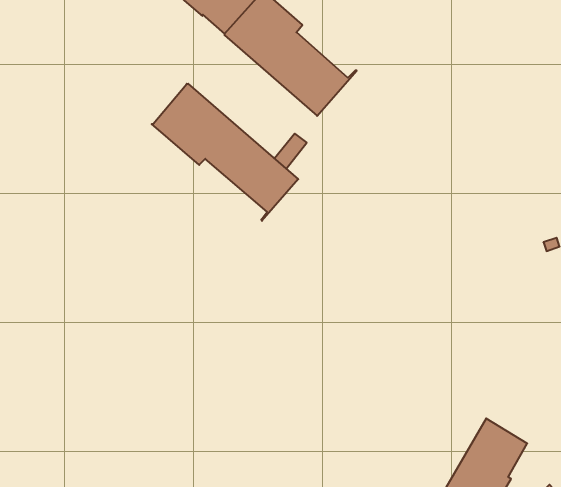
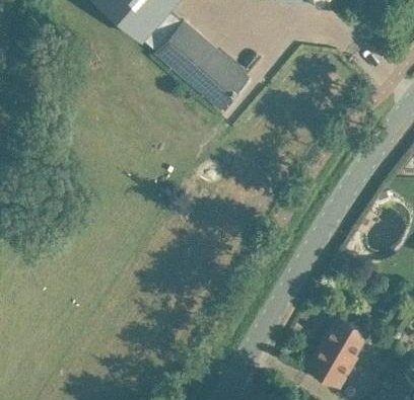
building: [152,84,298,221] -> none

